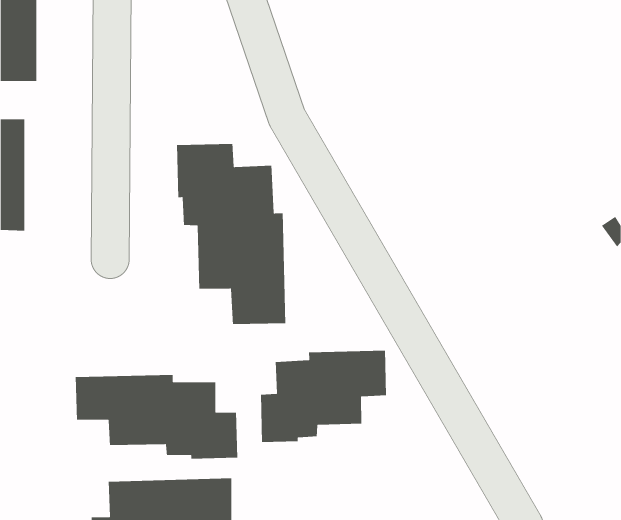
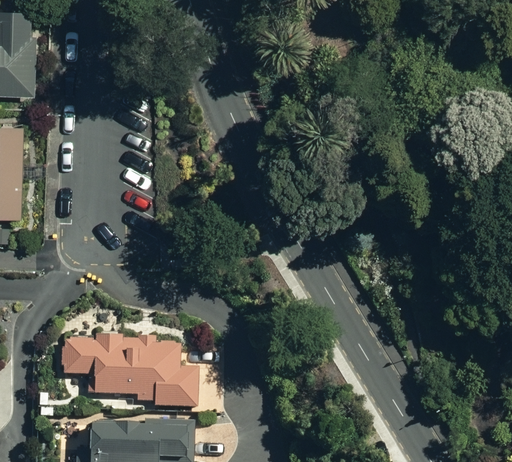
building: [176,143,286,325] -> none
building: [260,350,387,443] -> none

